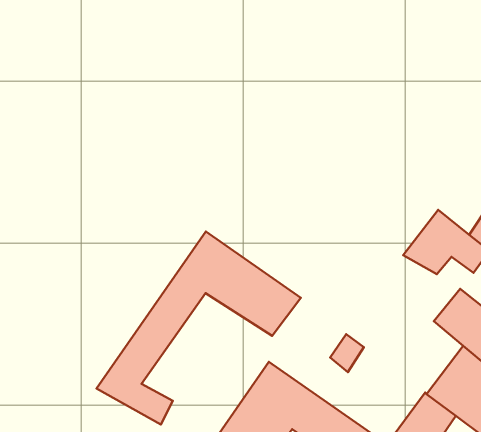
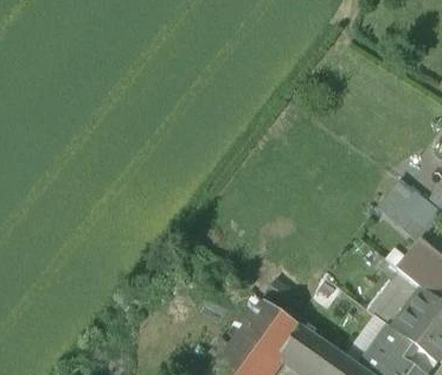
building: [96,231,301,424] -> none
building: none -> [364,252,421,326]

